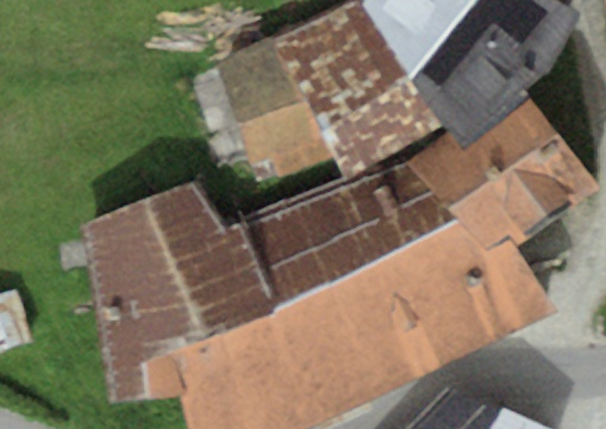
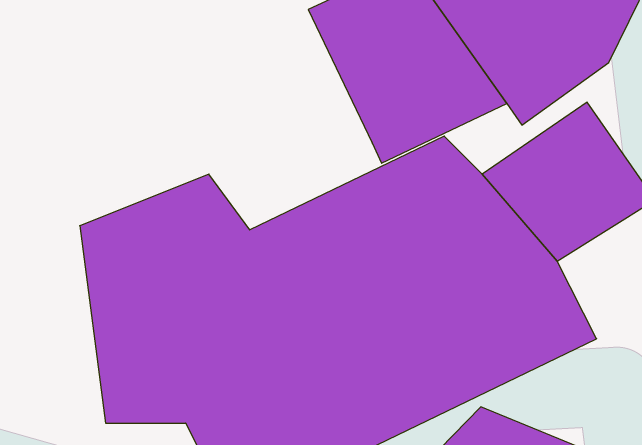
building: [226,35,345,179] -> none

